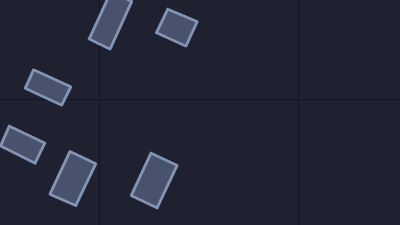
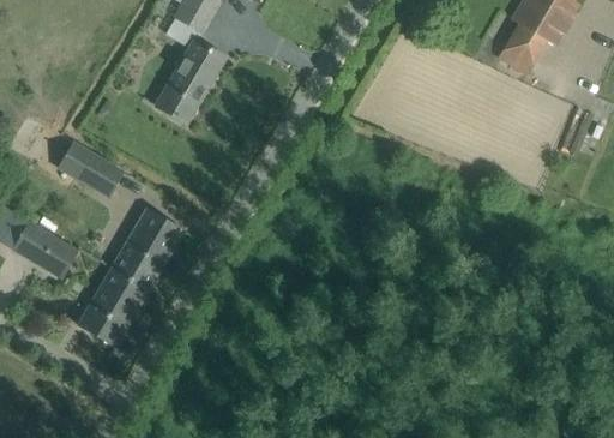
building: [156,9,197,46] -> none
building: [131,153,177,208] -> [113,208,183,288]

